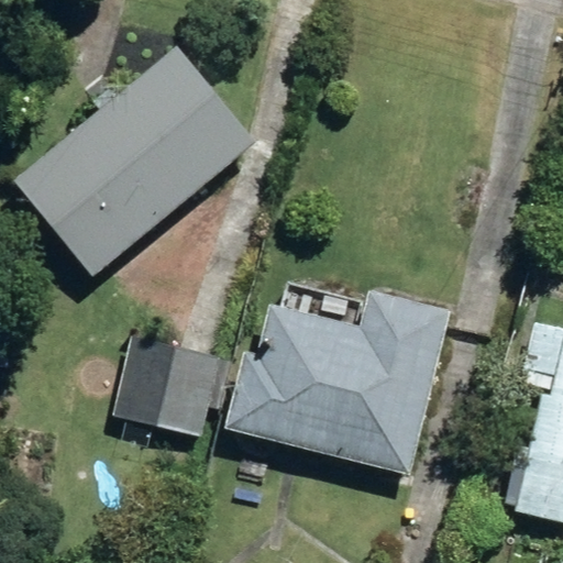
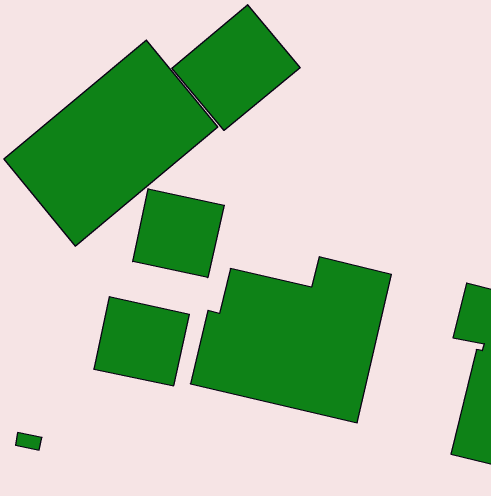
building: none -> [172,5,300,130]
building: none -> [133,189,224,278]

